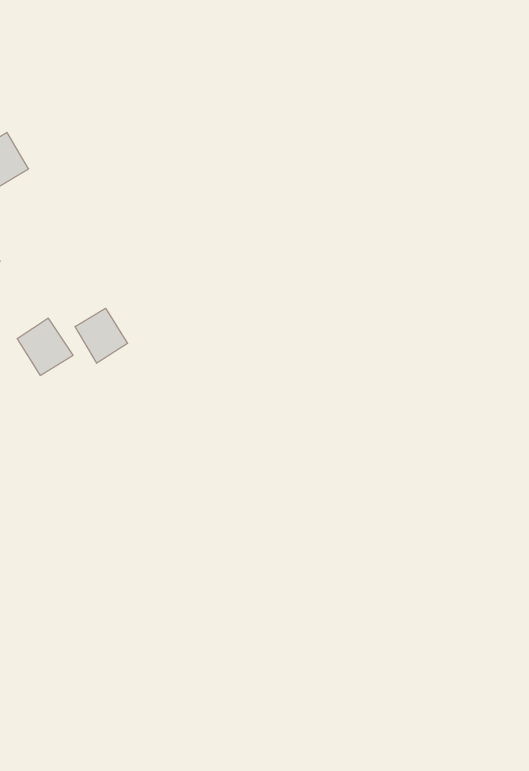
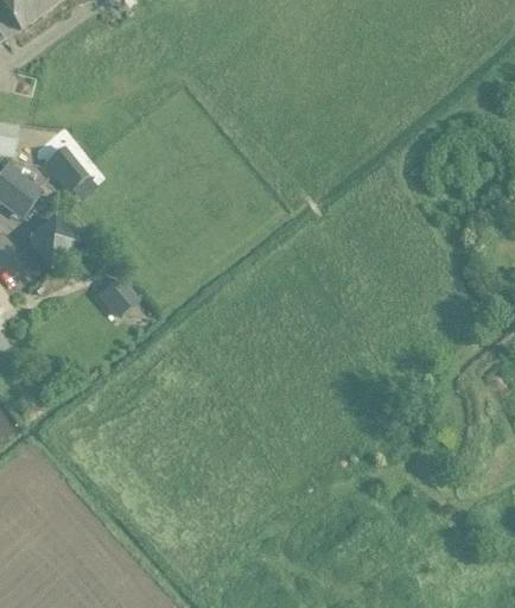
building: [75,308,128,363] -> none

